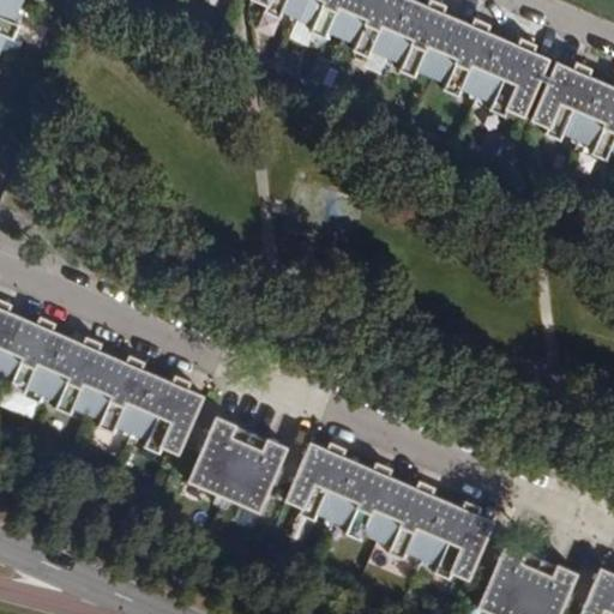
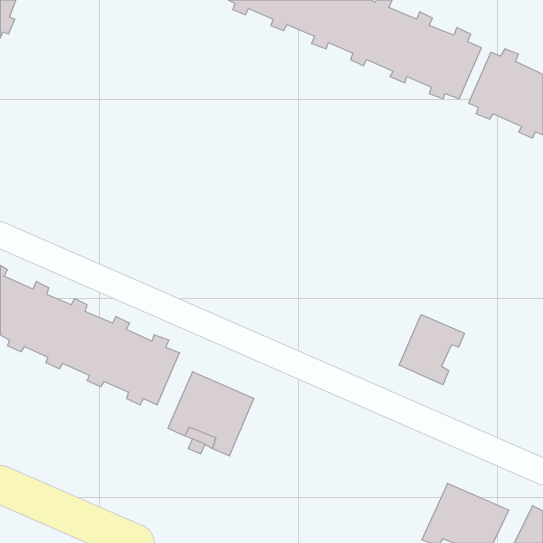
building: none -> [399,315,464,385]
building: [287,445,492,583] -> none

